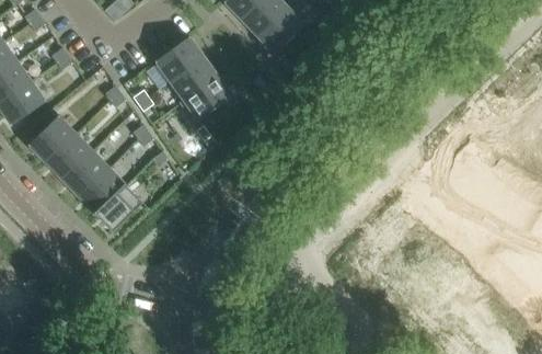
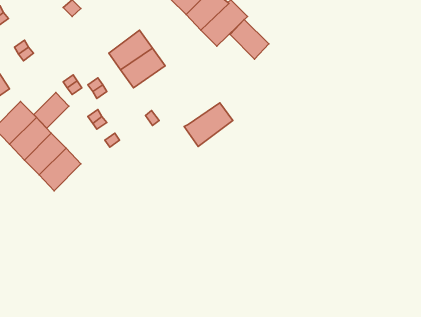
building: none -> [230,19,269,59]
building: [178,75,232,123] -> [184,103,233,146]
building: none -> [34,93,69,128]
building: [95,183,142,230] -> none

